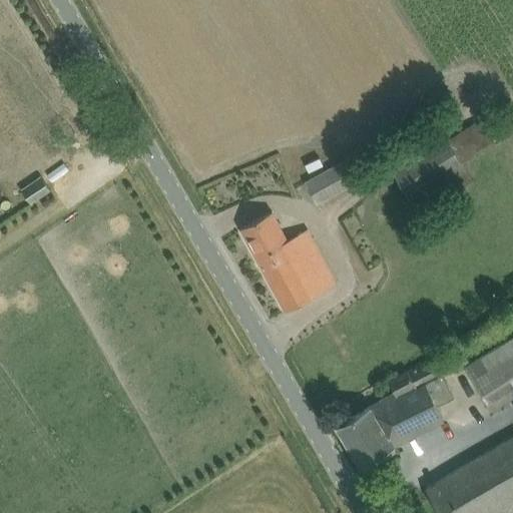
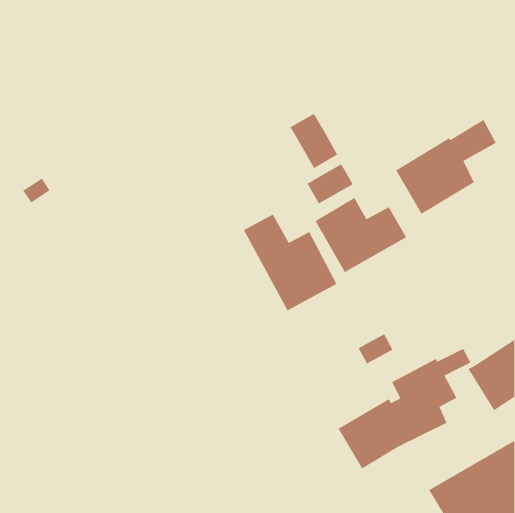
building: none -> [290,113,338,169]
building: none -> [314,197,407,273]
building: none -> [357,333,393,364]

